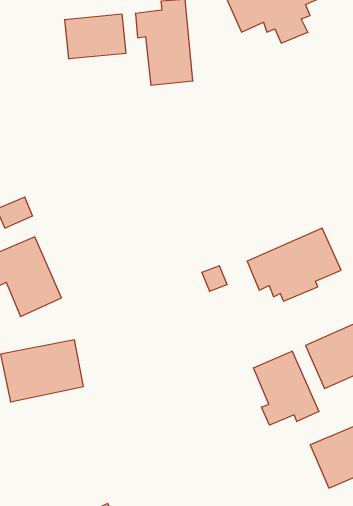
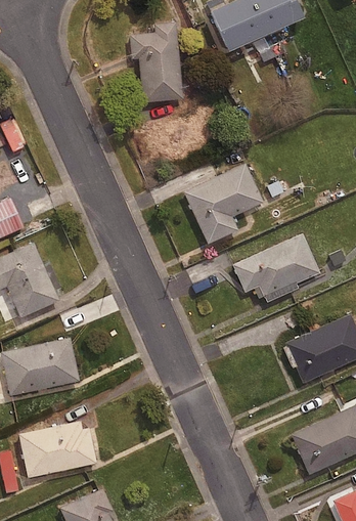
building: [65,14,126,59] -> none
building: none -> [181,163,260,244]
building: [254,351,319,425] -> none
building: none -> [19,419,97,477]

